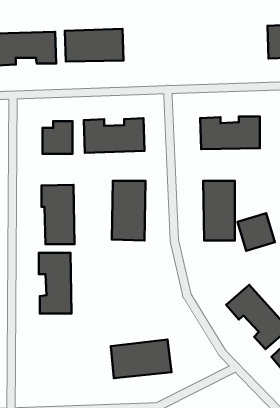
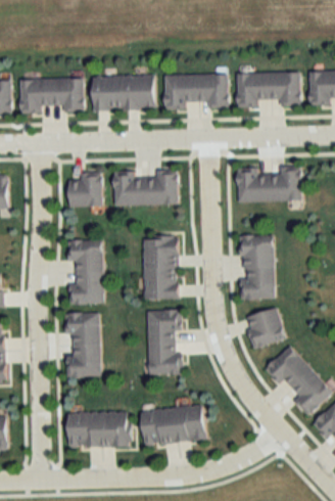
building: none -> [237,72,300,106]
building: none -> [164,74,228,108]
building: [237,213,275,251] -> [245,308,285,348]
building: none -> [148,309,181,373]
building: none -> [69,412,131,447]

